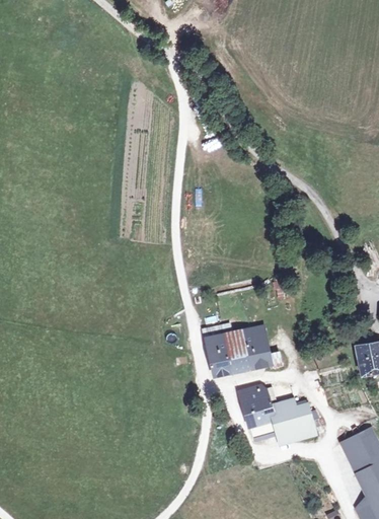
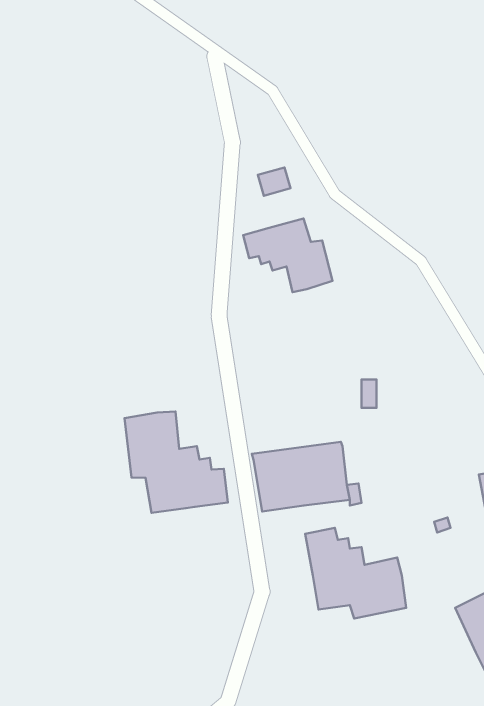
building: none -> [243,218,333,292]
building: none -> [125,411,228,513]

